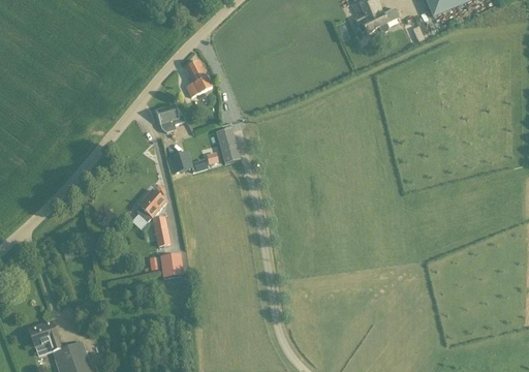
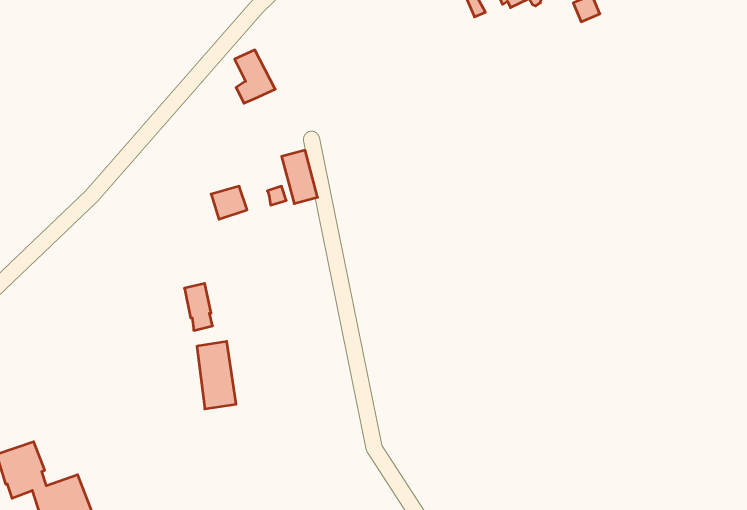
building: [157,104,185,132] -> none
building: [136,189,166,221] -> none

